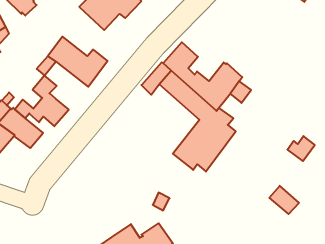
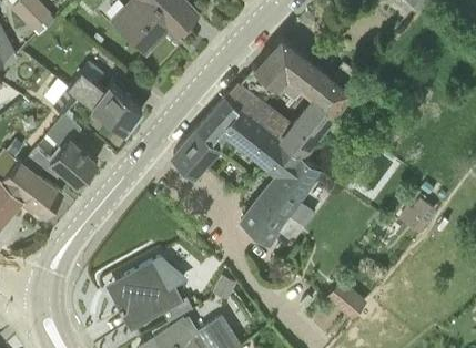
building: none -> [253,39,359,117]
building: none -> [173,127,230,173]
building: none -> [112,259,186,328]
building: [269,186,299,214] -> [325,279,366,318]

